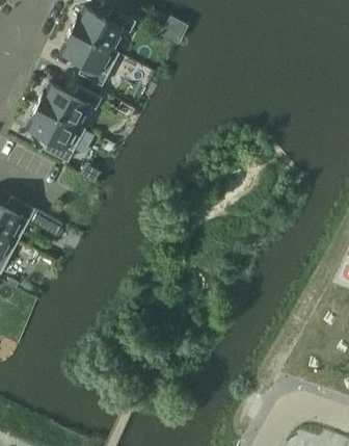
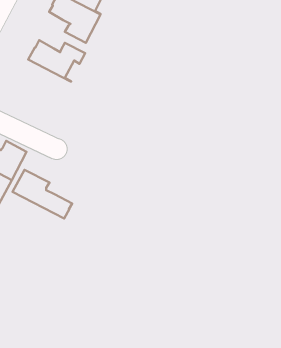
building: [26,105,84,162] -> none
building: none -> [13,170,72,219]

